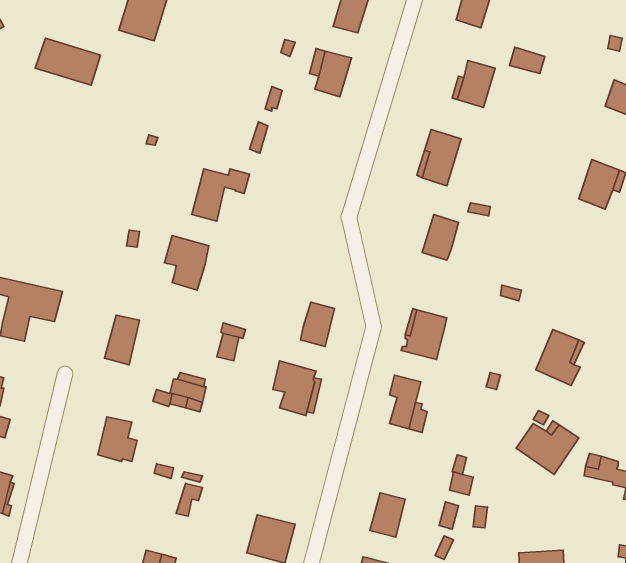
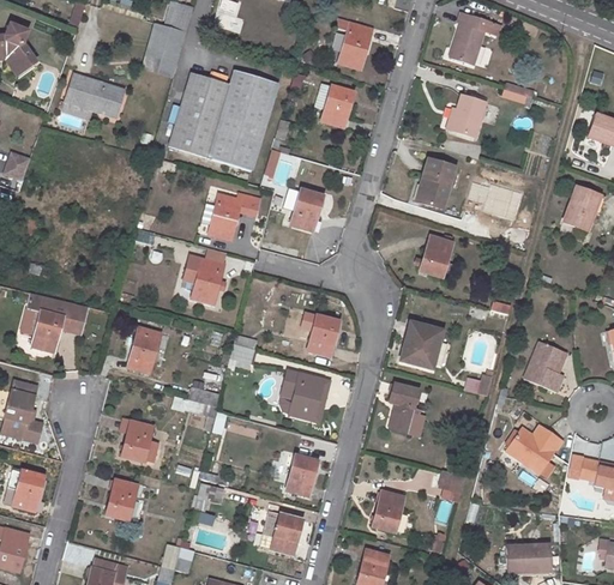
building: none -> [170,70,278,170]
building: none -> [290,189,324,230]
building: none -> [287,454,318,495]
building: none -> [107,478,138,519]

